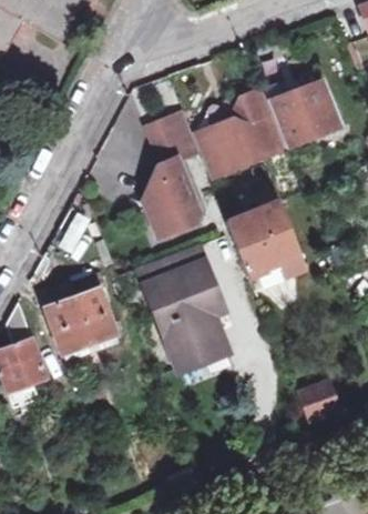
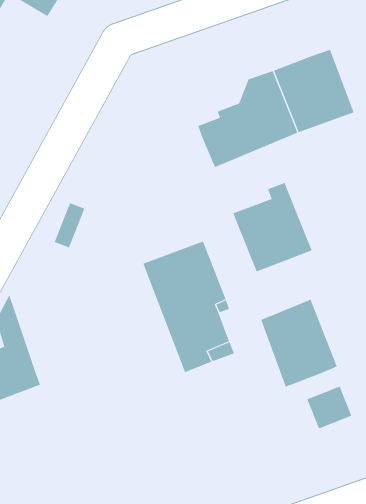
building: [141,111,196,226] -> none
building: [47,289,119,363] -> none
building: none -> [260,299,338,387]

